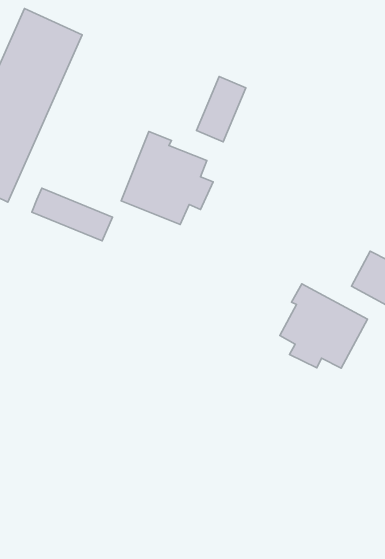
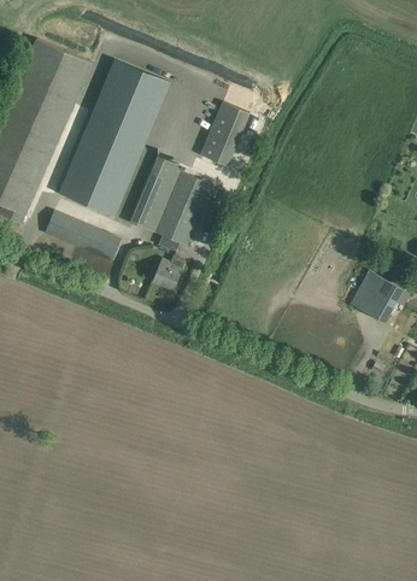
building: none -> [61,59,170,215]
building: none -> [153,254,186,288]
building: [280,284,367,368] -> none

